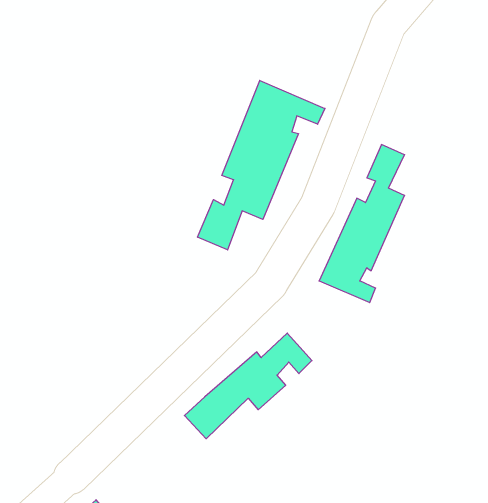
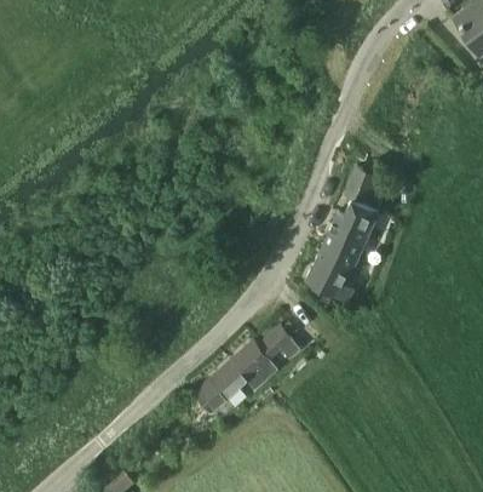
building: [198,80,325,250] -> none

